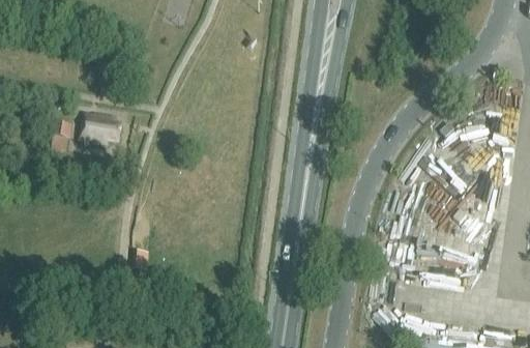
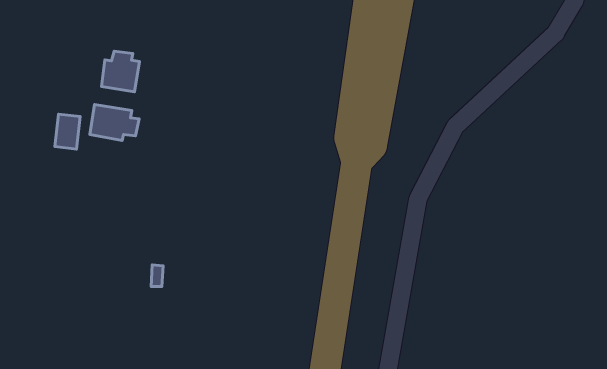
building: none -> [102,51,140,92]

